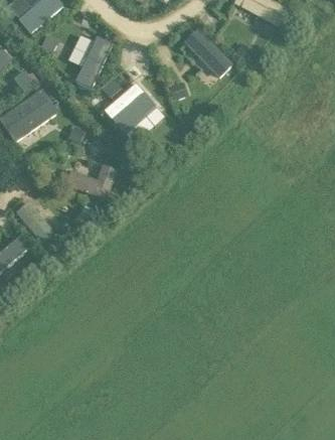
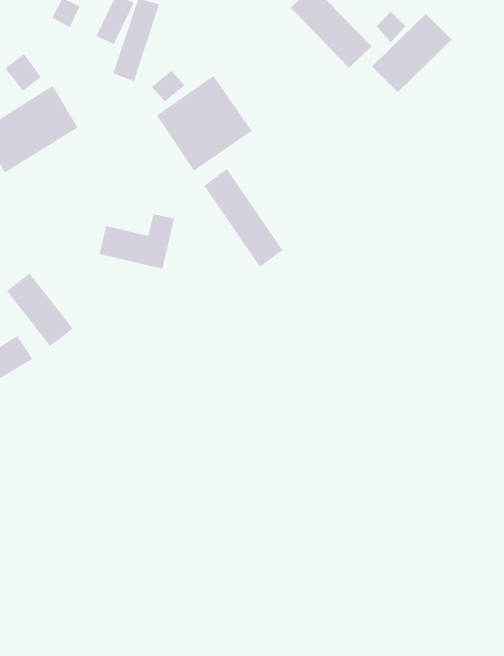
building: none -> [371,13,452,93]
building: none -> [203,168,283,268]

